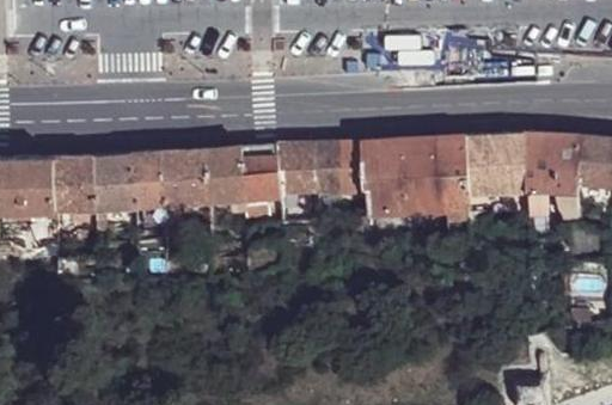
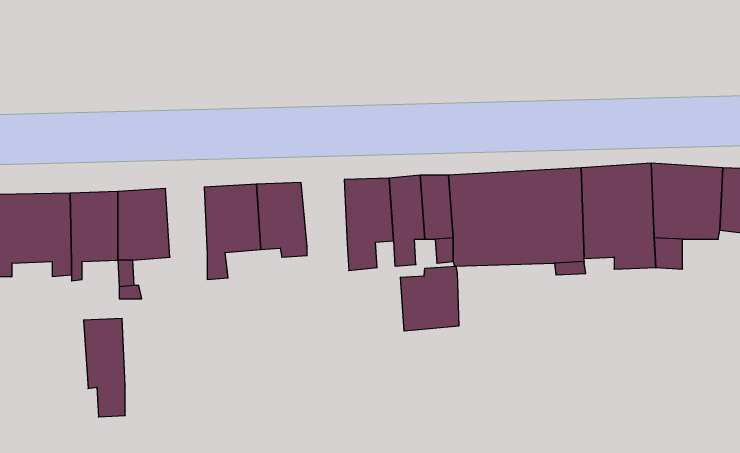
building: [244,146,281,200] -> none
building: [135,152,169,231] -> [84,319,125,417]
building: none -> [400,266,459,331]

